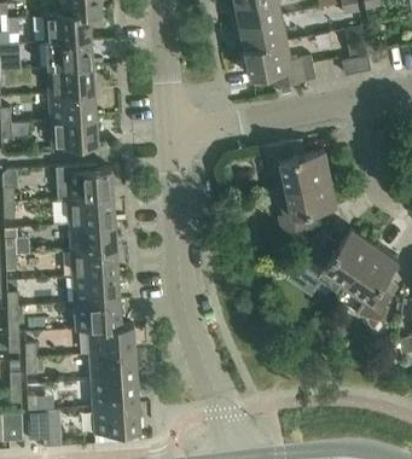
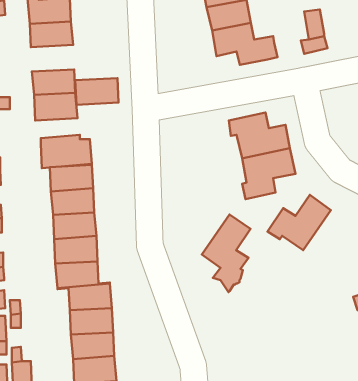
building: [47,65,94,94] -> [75,78,119,105]
building: [343,245,396,330] -> [202,215,251,292]

